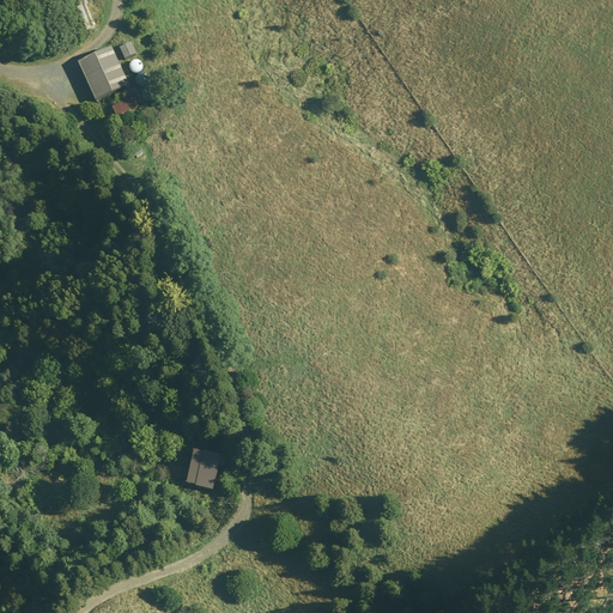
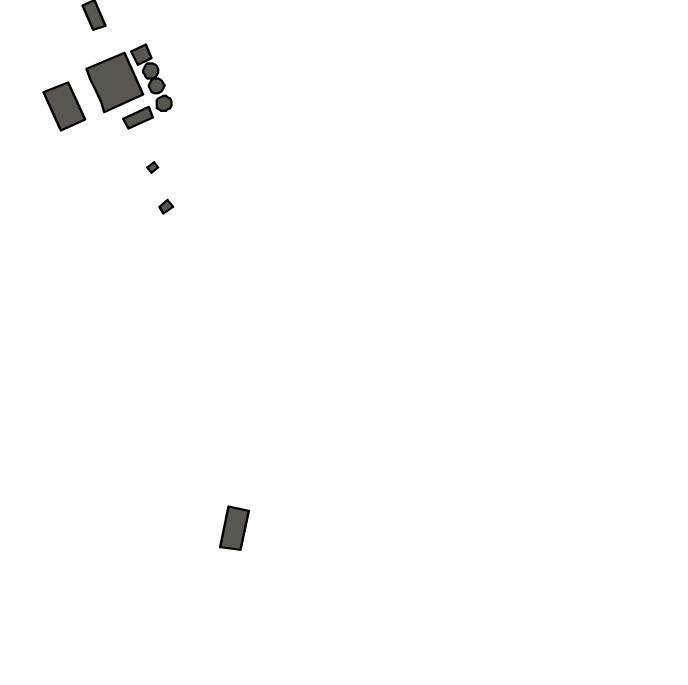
building: none -> [44,83,85,130]

